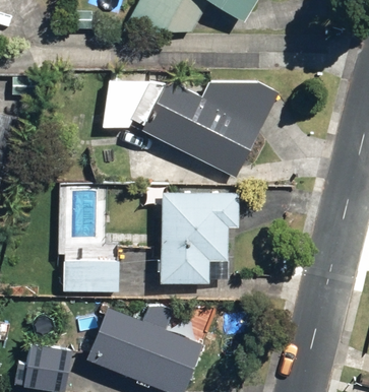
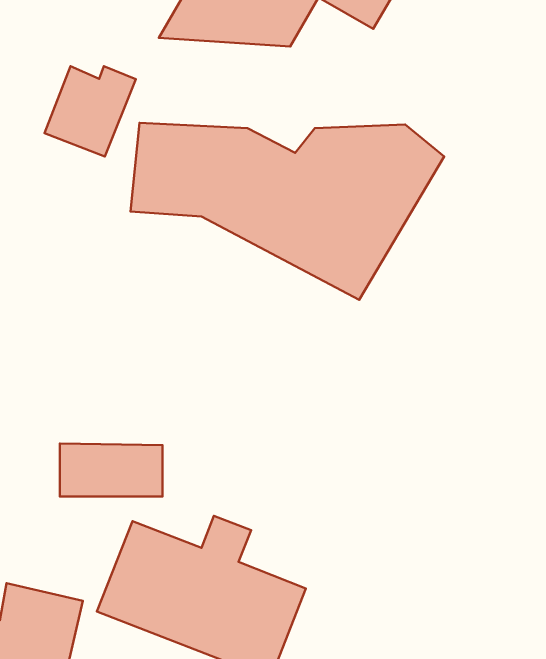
building: none -> [45,66,136,157]
building: [158,193,241,285] -> none

